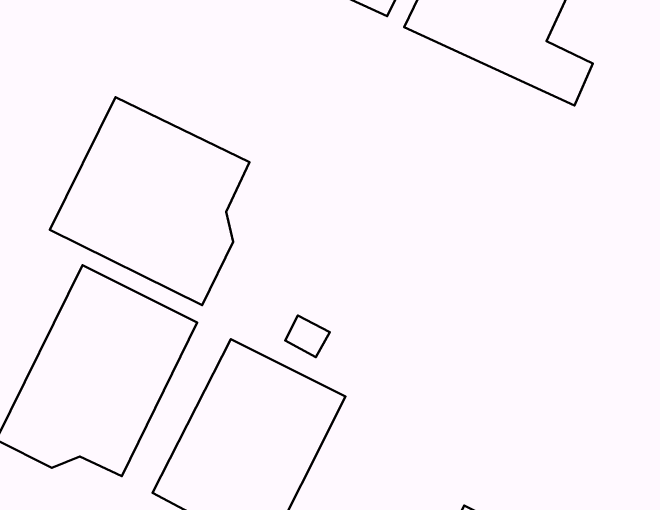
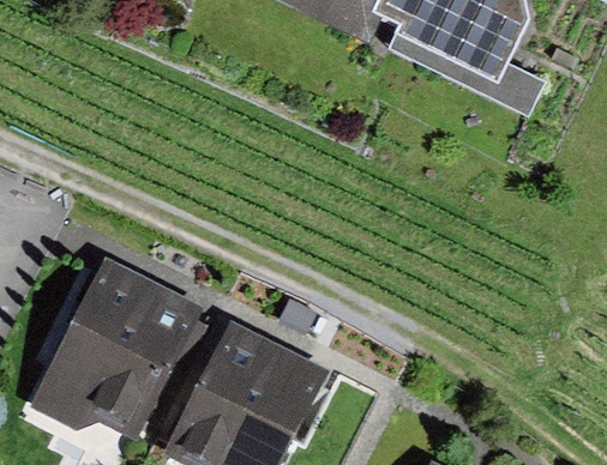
building: [50,97,250,305] -> none

